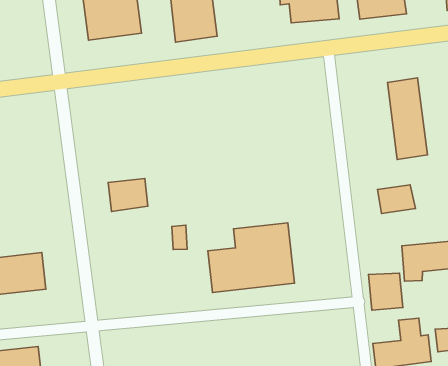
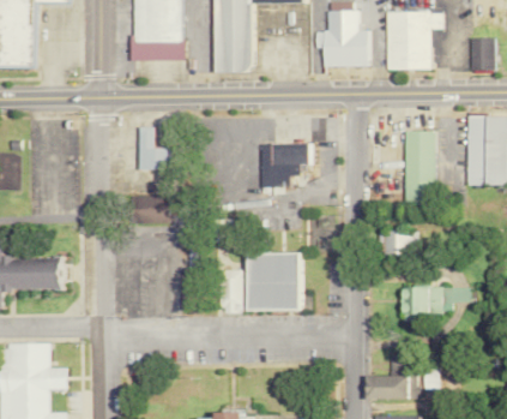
building: none -> [260,143,313,187]
building: none -> [138,127,170,169]
building: [368,273,403,310] -> none

